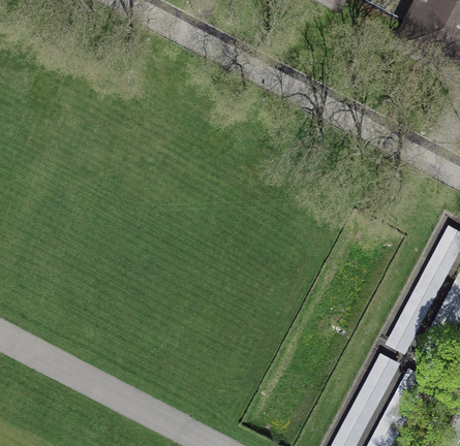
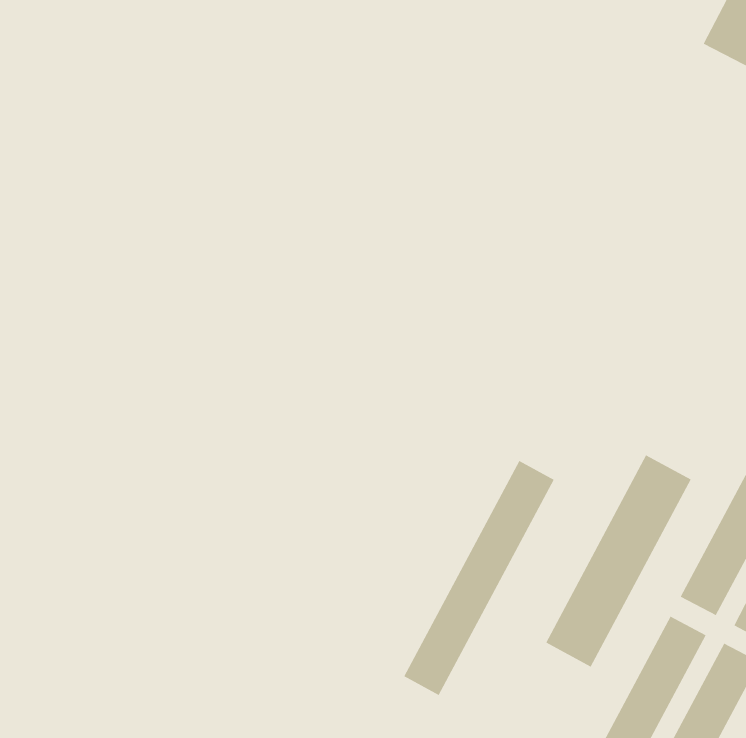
building: none -> [545,455,692,667]
building: none -> [404,460,555,696]

